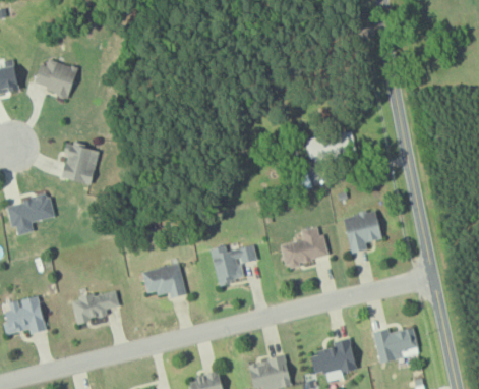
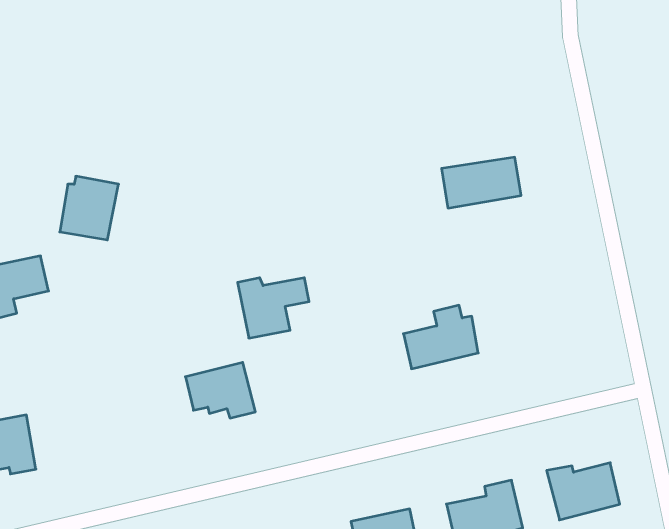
building: [34,57,77,97] -> none
building: [343,211,381,253] -> none
building: [211,245,256,284] -> [238,278,309,338]
building: [71,289,119,324] -> none

